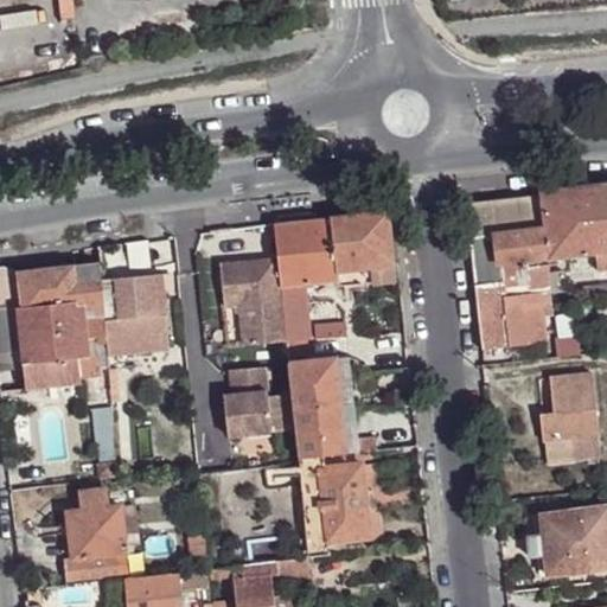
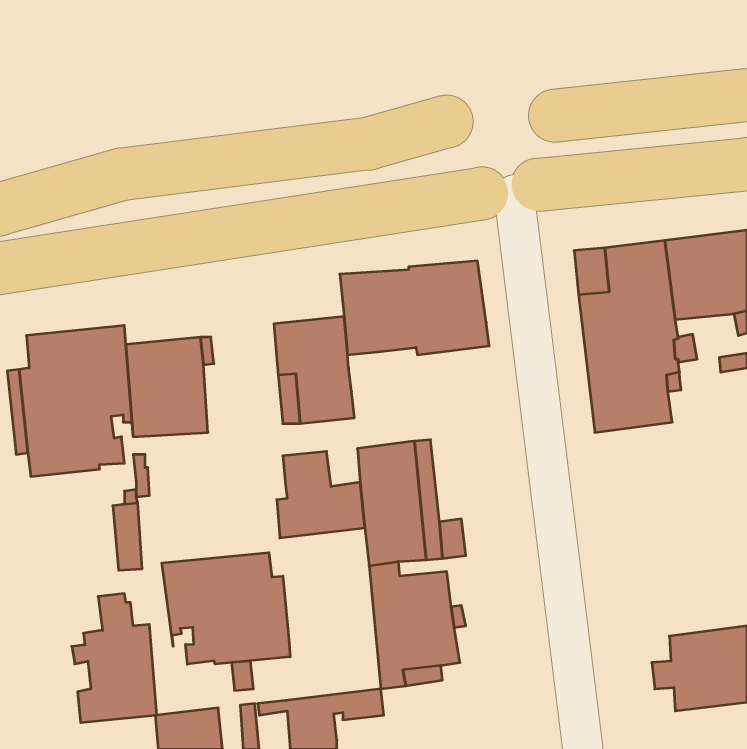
building: [281,285,334,363] -> none
building: [542,373,598,460] -> none
building: none -> [162,553,290,664]

